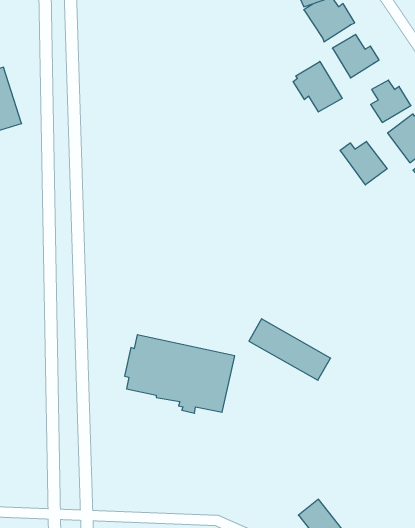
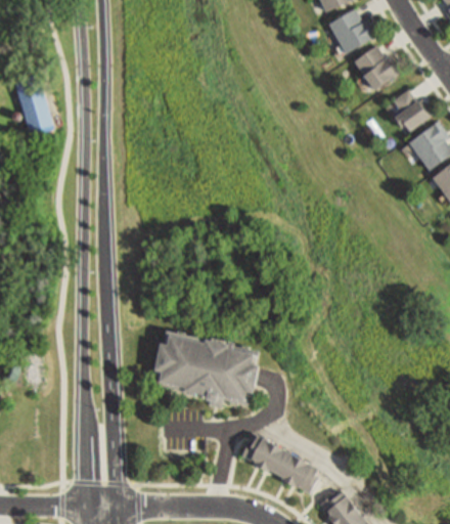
building: [293,61,342,112] -> none
building: [340,141,387,185] -> none
building: [249,319,331,380] -> [243,437,322,496]

